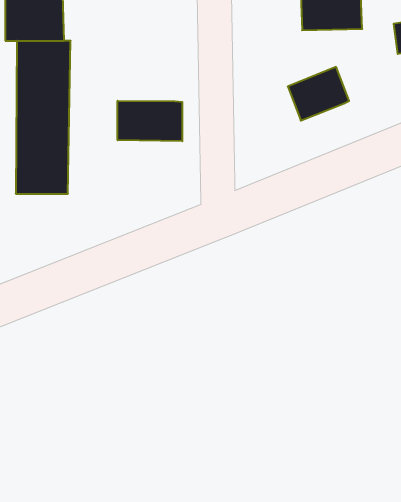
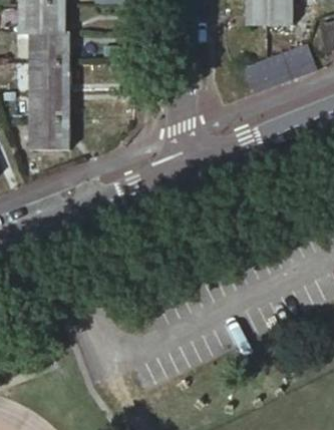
building: none -> [278,42,314,79]
building: [118,101,182,141] -> none

